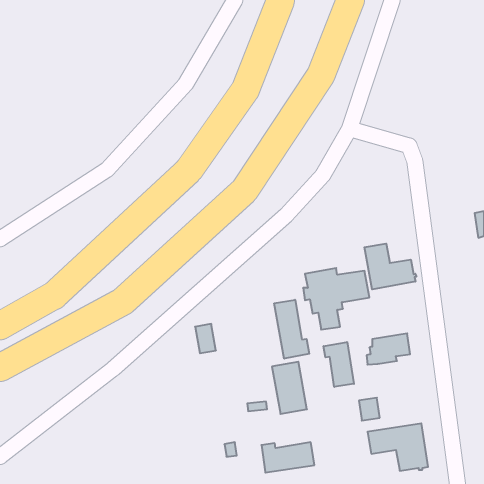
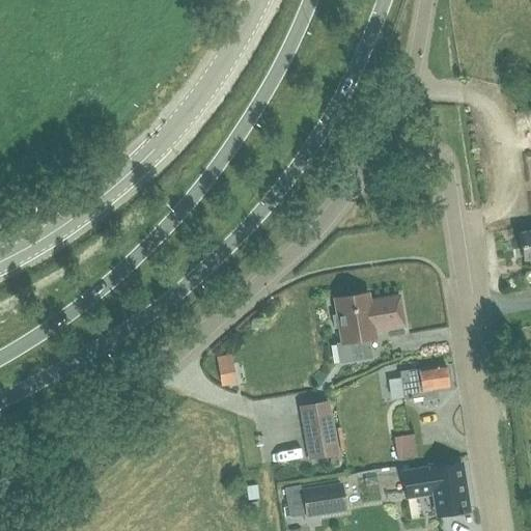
building: [364,244,416,289] -> none
building: [274,300,309,359] -> none
building: [324,342,354,387] -> none

